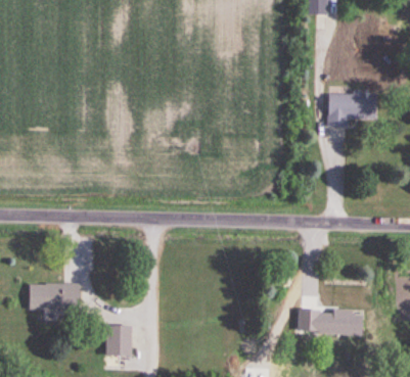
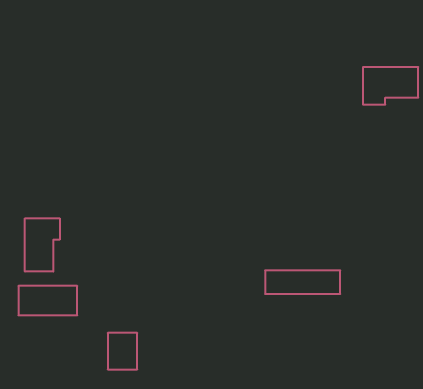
building: none -> [25,218,60,272]
building: [299,313,364,333] -> [265,270,340,294]

